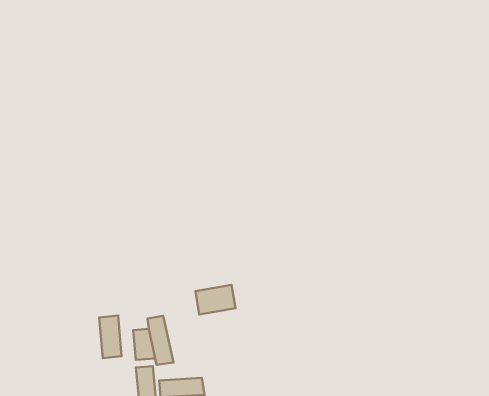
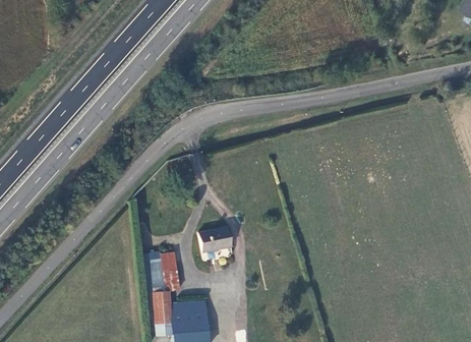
building: [99,316,122,358] -> none

